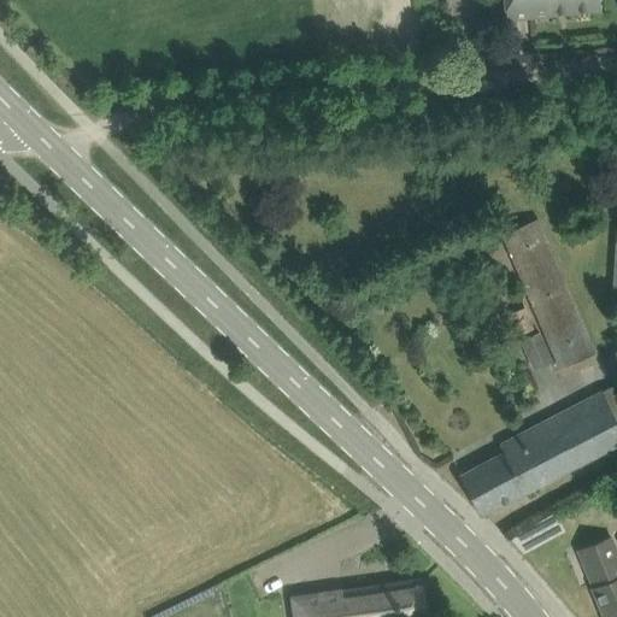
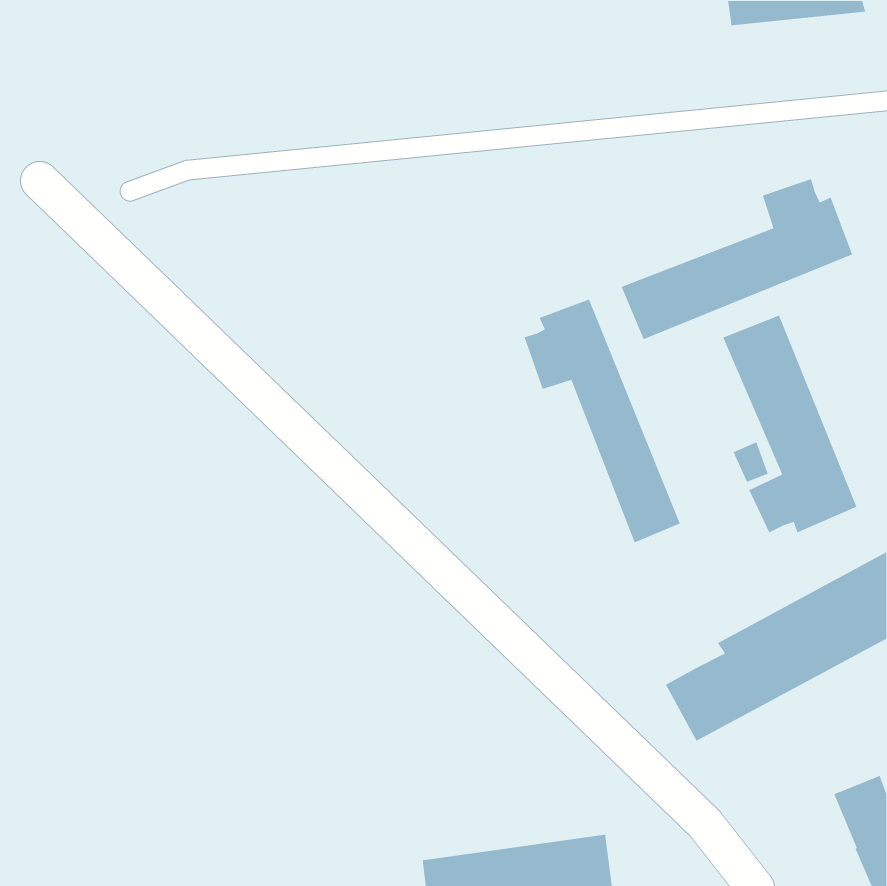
building: none -> [621,178,853,340]
building: none -> [523,298,681,544]

